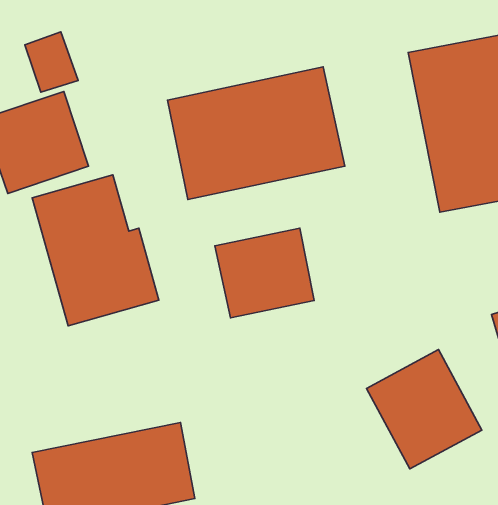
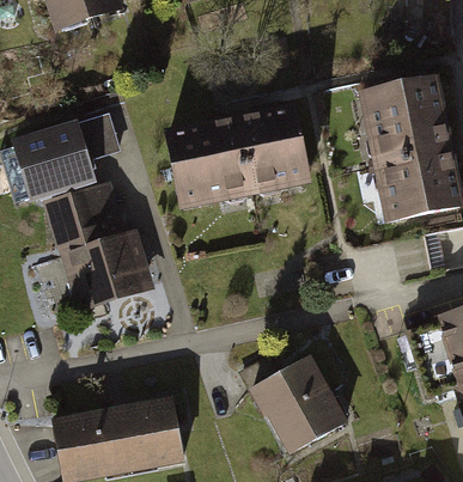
building: [25,32,78,92] -> [84,115,128,165]
building: [215,228,314,318] -> none
building: [367,350,482,469] -> [252,359,348,458]

